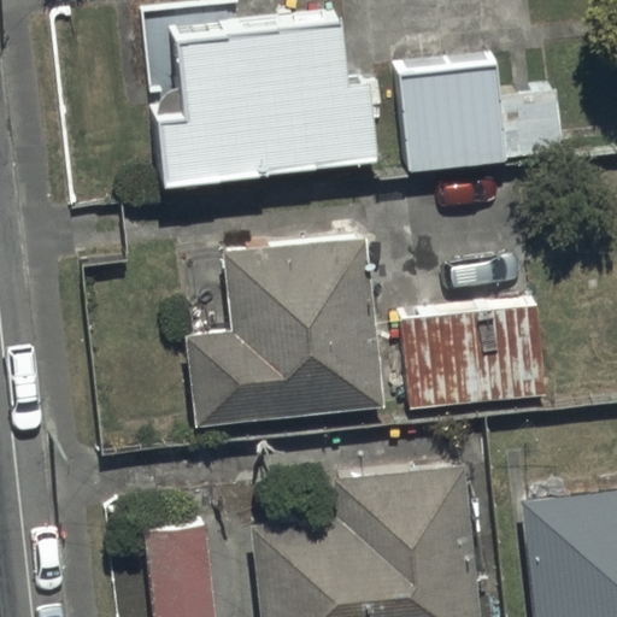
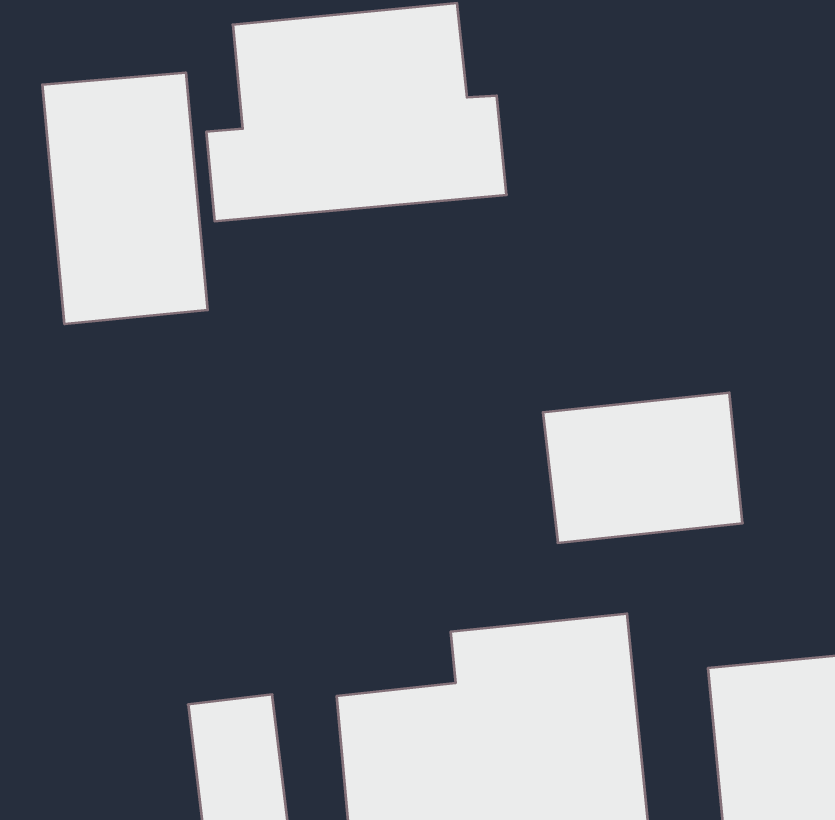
building: [398,64,564,171] -> none
building: none -> [42,73,208,324]
building: [187,236,380,425] -> none

